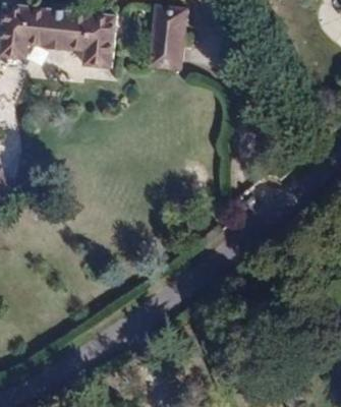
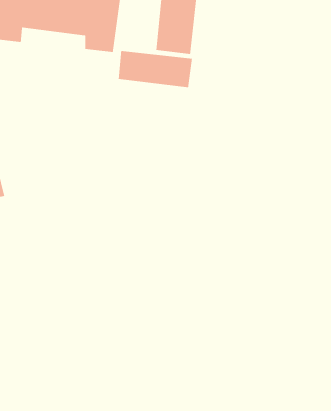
building: none -> [118,50,193,88]

